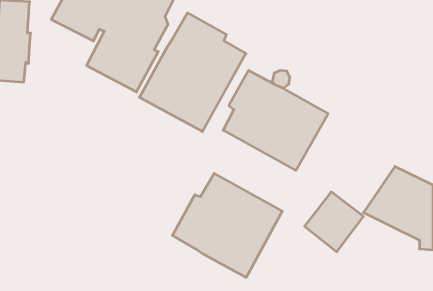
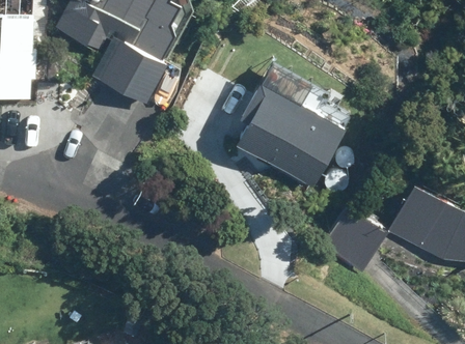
building: [139,13,246,132] -> none
building: [172,173,282,277] -> none

